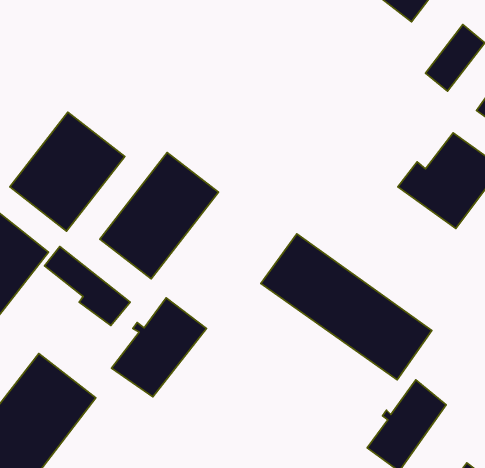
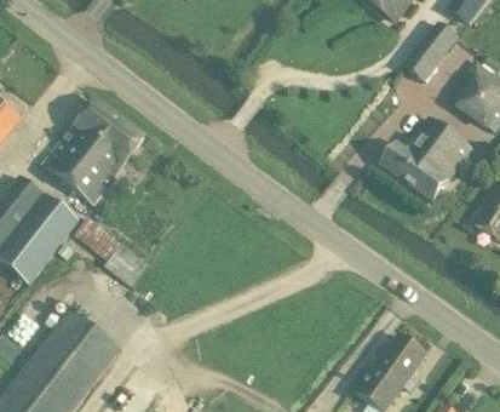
building: [100,152,219,279] -> none
building: [261,234,432,380] -> none
building: [112,298,206,397] -> none

